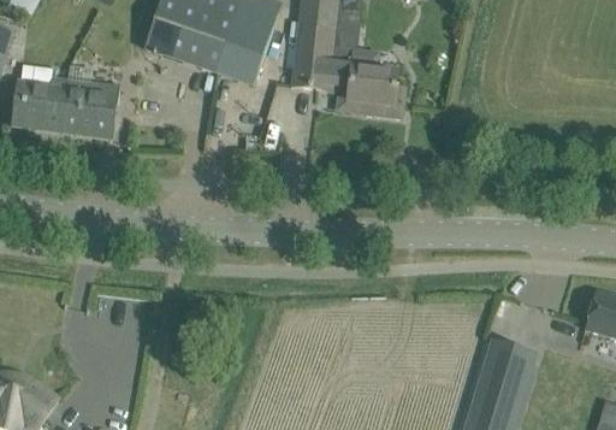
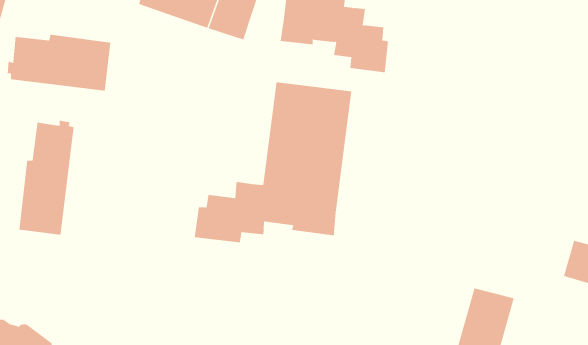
building: none -> [194,82,352,243]
building: none -> [19,120,74,235]

